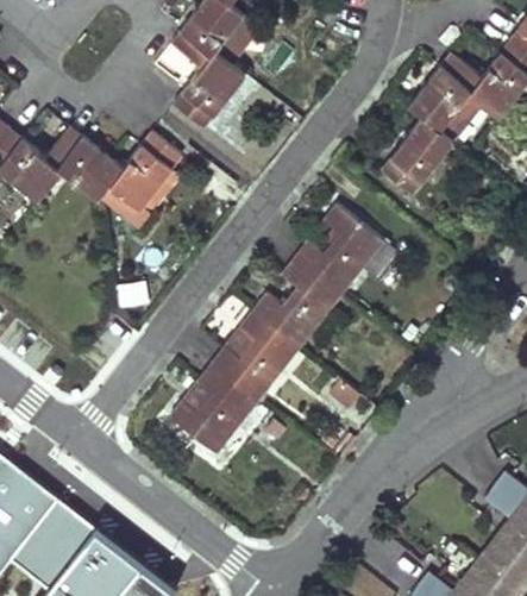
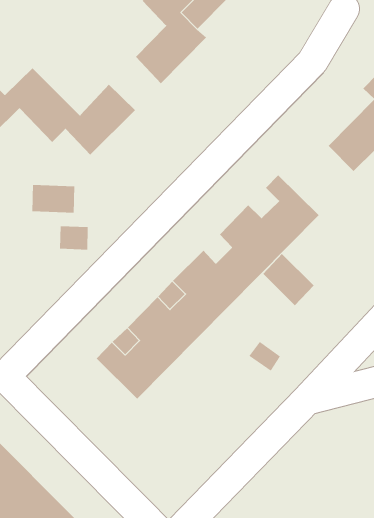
building: none -> [32,184,75,213]
building: none -> [262,253,315,306]

